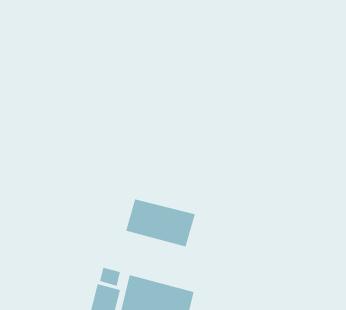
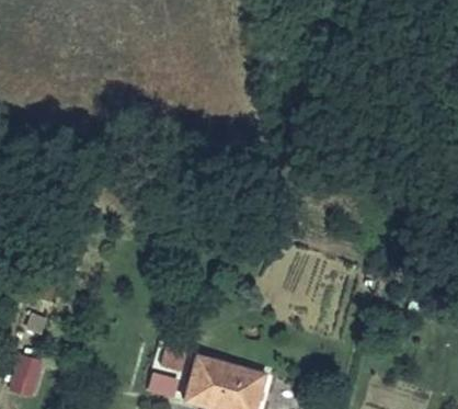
building: [125,198,196,247] -> none

